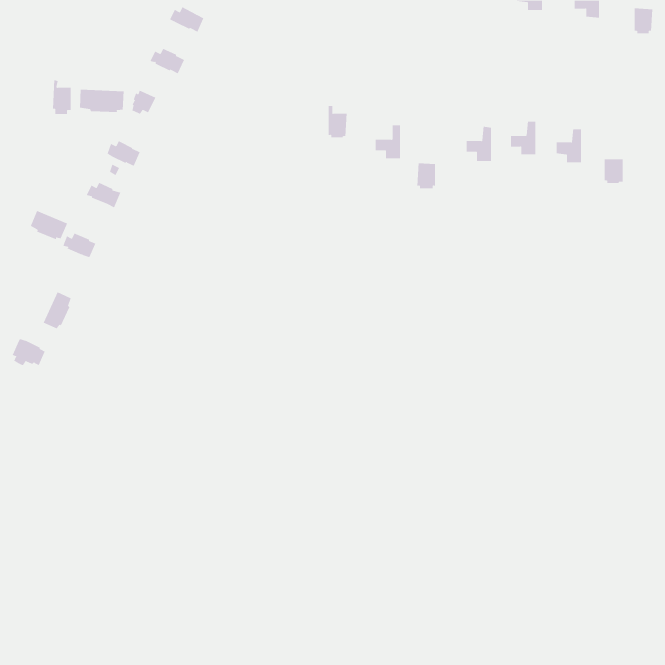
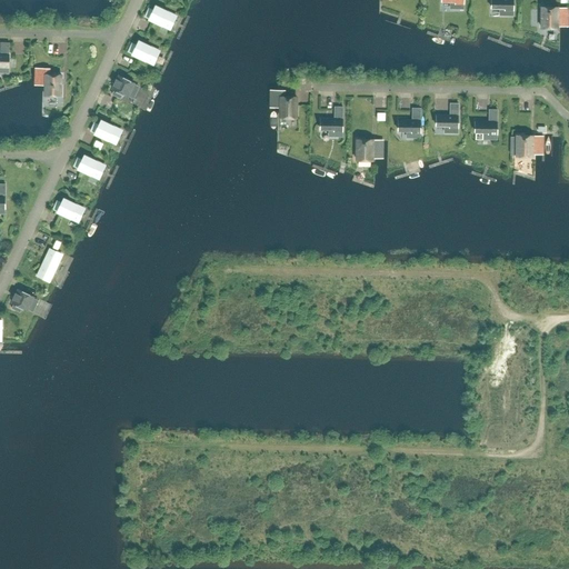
building: [79,89,124,113] -> none
building: [30,210,68,240] -> none

